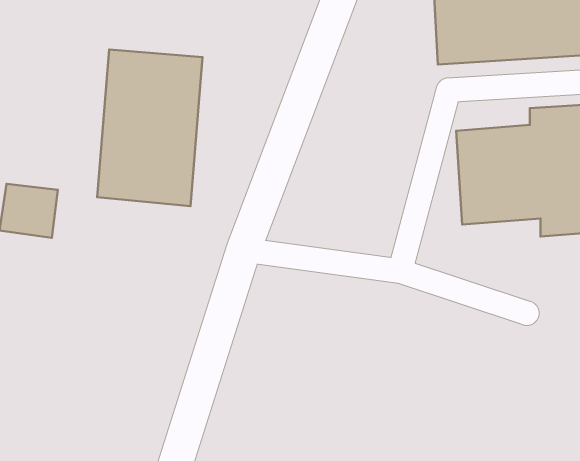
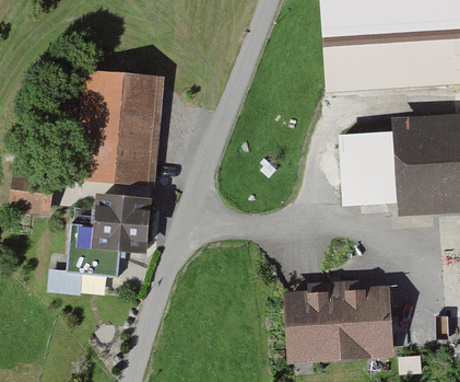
building: none -> [69,195,151,282]
building: none -> [275,282,396,363]

